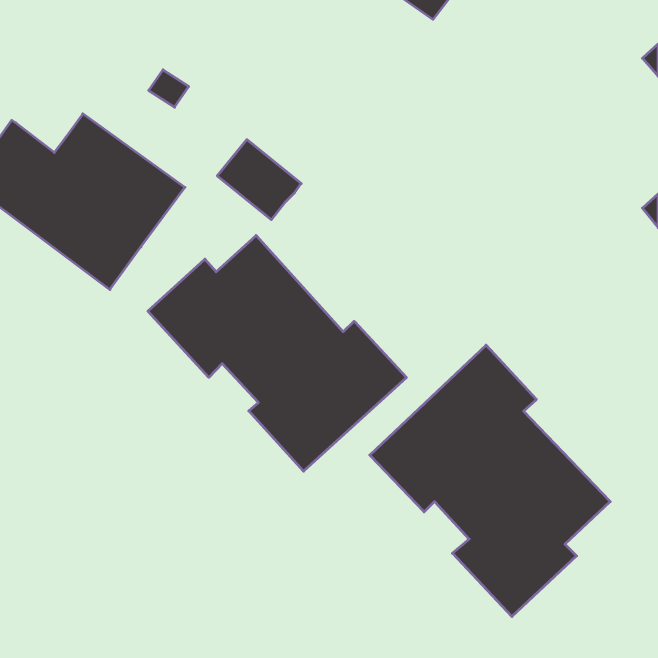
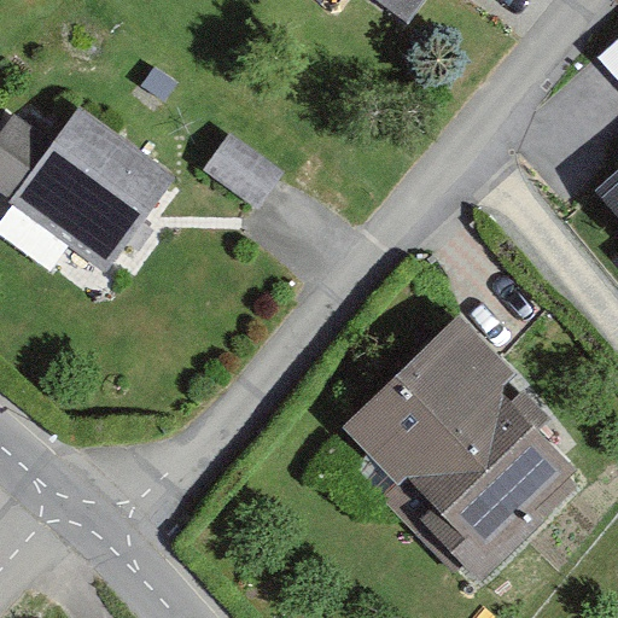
building: [148,235,406,471] -> none

